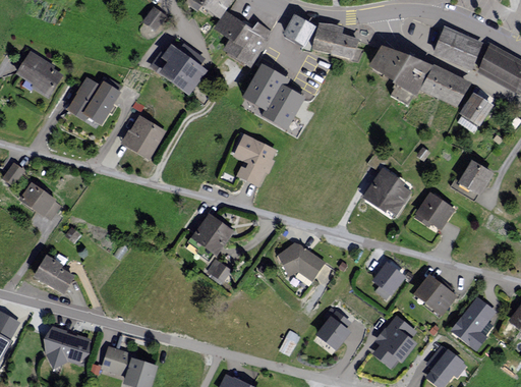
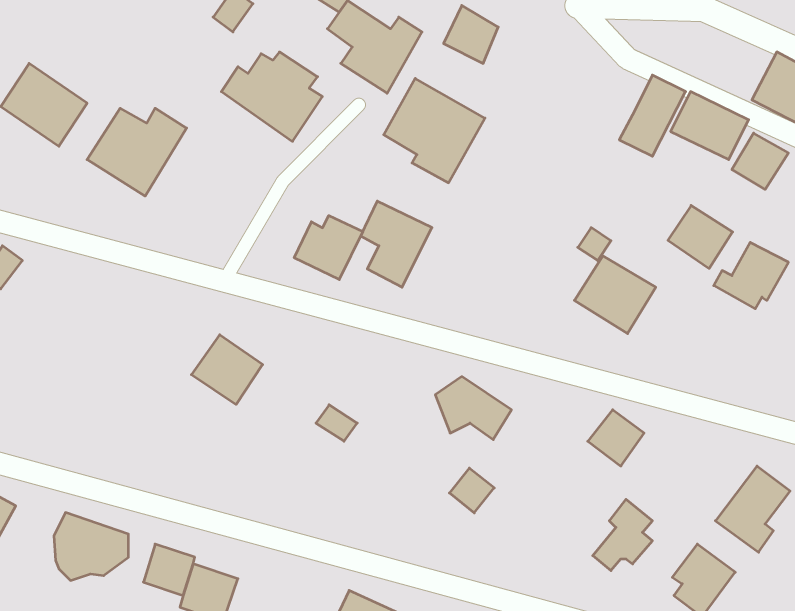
building: [313,20,362,60] -> none
building: [431,26,482,72] -> none
building: [371,43,412,81] -> none
building: [121,116,167,161] -> none
building: none -> [294,216,363,280]
building: [18,182,61,221] -> none
building: [416,192,456,231] -> [668,205,733,268]
building: [192,214,236,257] -> [191,335,263,404]
building: [34,256,79,297] -> none
building: [415,275,459,318] -> none
building: [319,319,346,346] -> [449,468,494,513]

